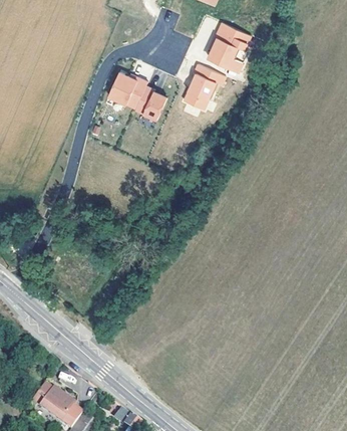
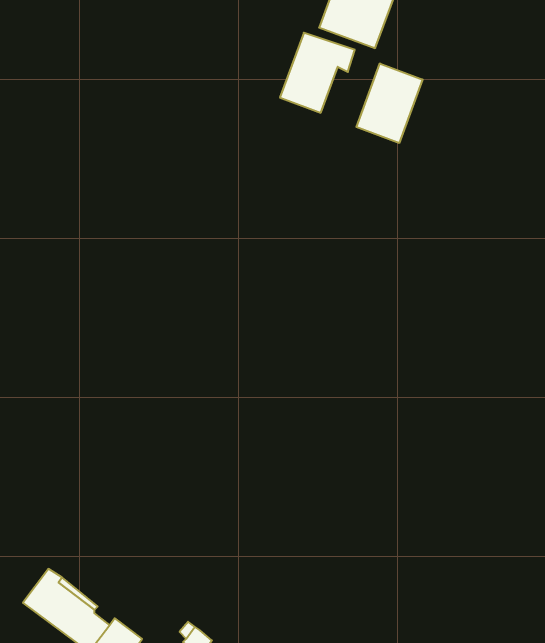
building: [106,69,167,120] -> none
building: none -> [356,63,423,143]

